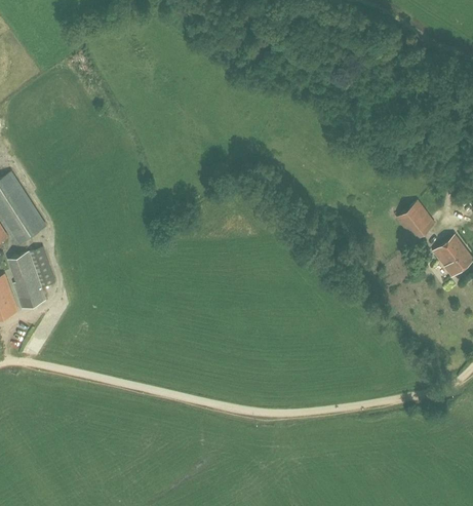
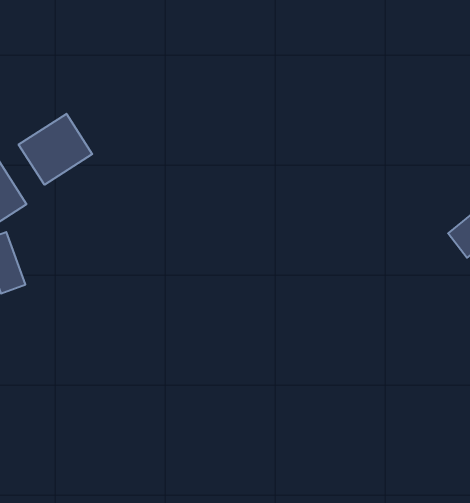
building: none -> [19,114,92,185]
building: [396,202,434,240] -> none

